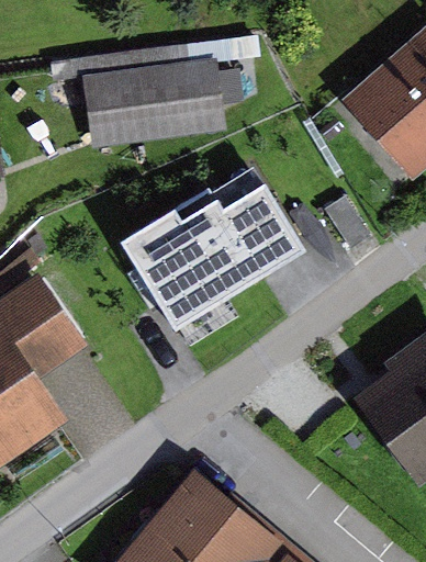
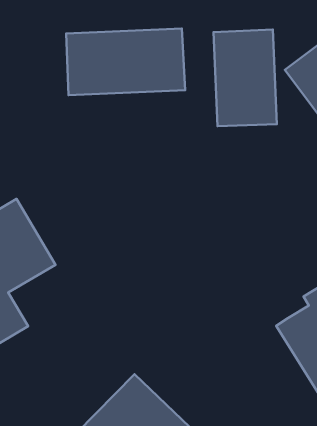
building: none -> [214,29,277,126]
building: [111,177,273,336] -> none

